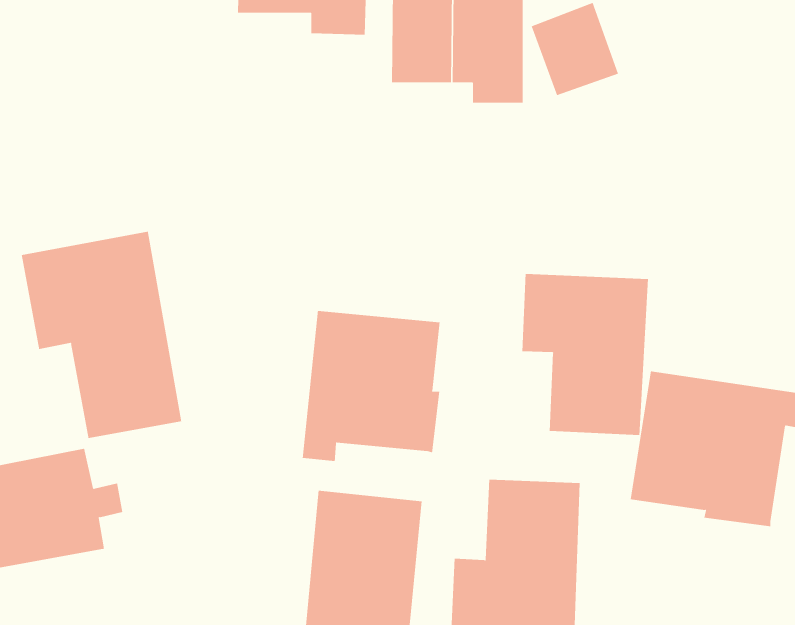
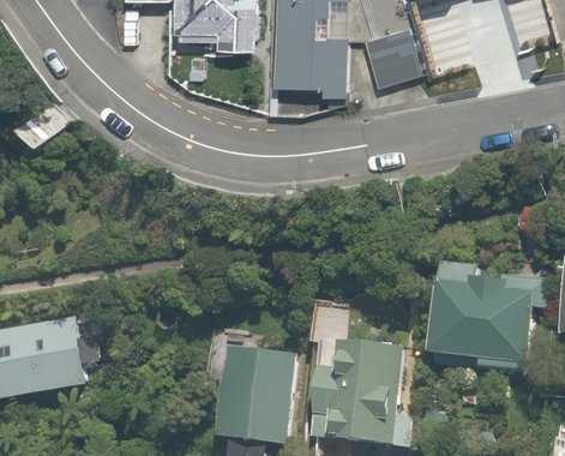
building: [21,231,182,439] -> none
building: [522,273,648,436] -> none
building: [302,310,440,462] -> none

